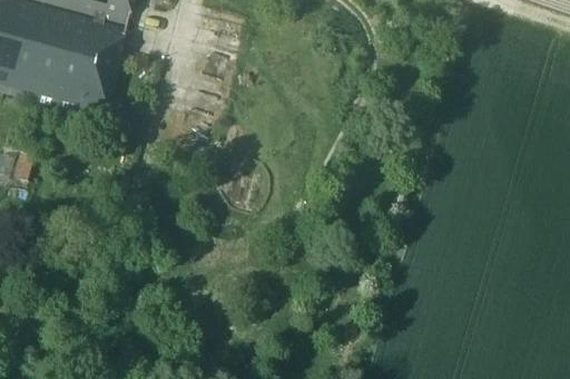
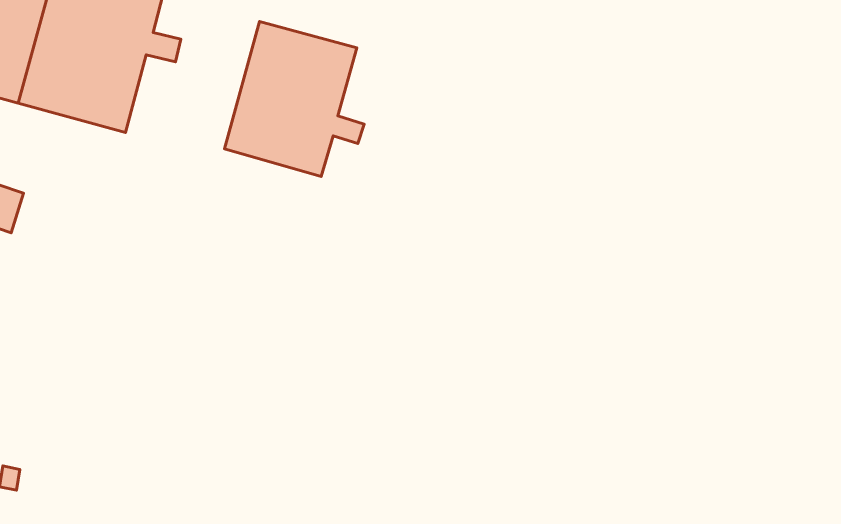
building: none -> [225,21,364,177]

